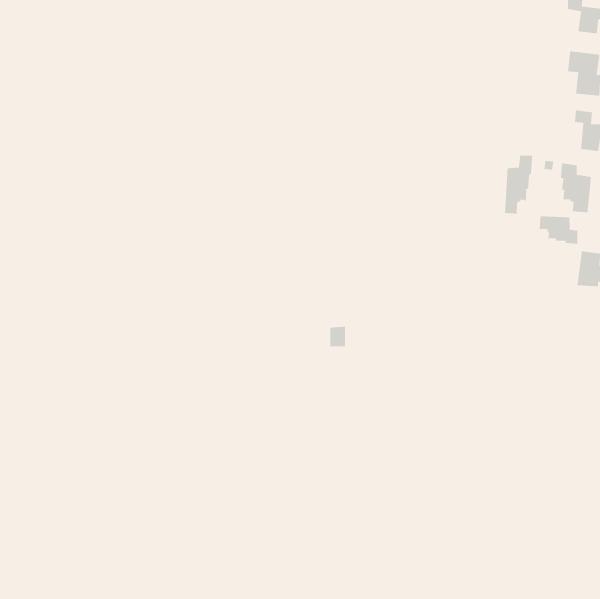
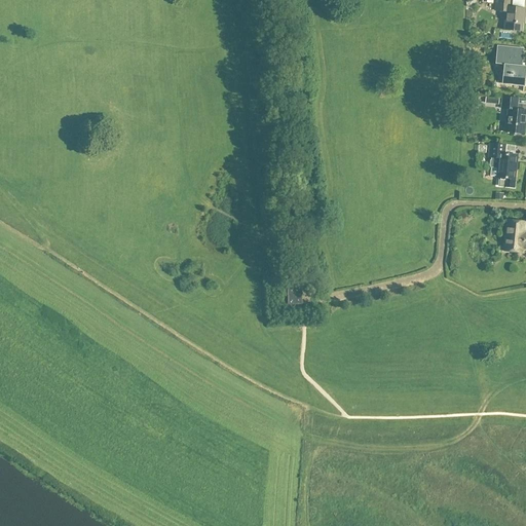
building: [504,155,533,215] -> none
building: [539,216,578,244] -> none

